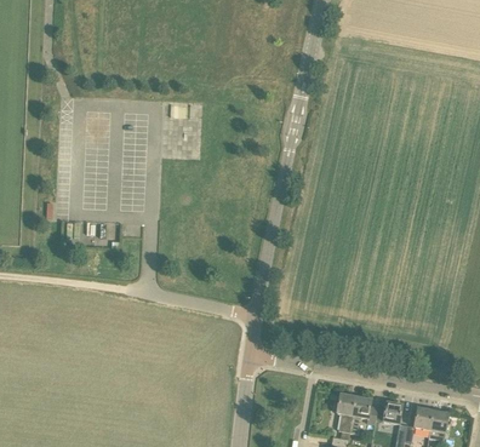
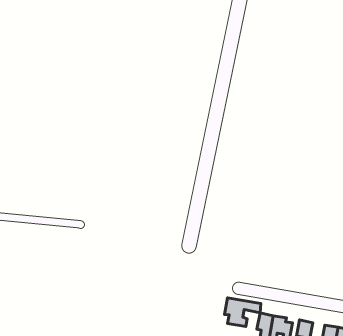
building: none -> [224,298,261,326]

